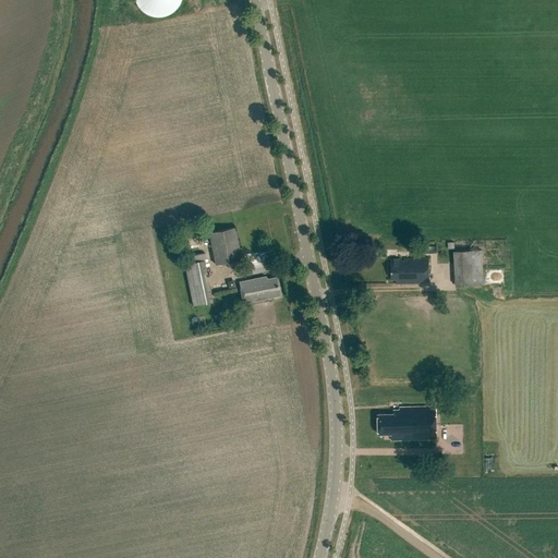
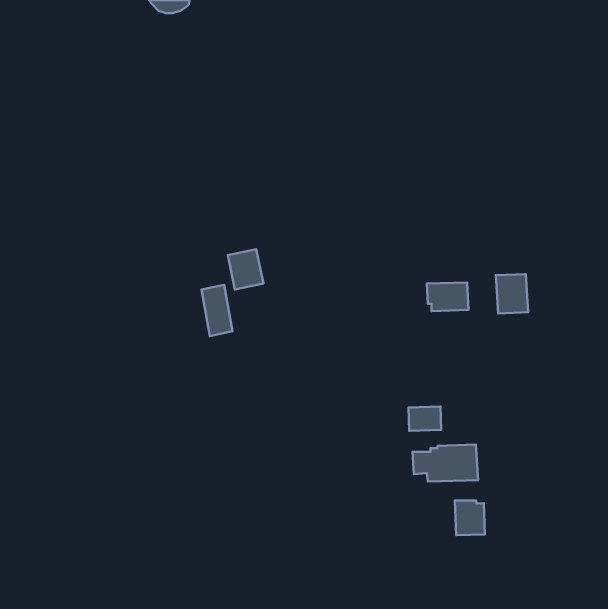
building: [238,278,278,303] -> none
building: none -> [409,407,441,431]
building: none -> [455,500,485,535]

